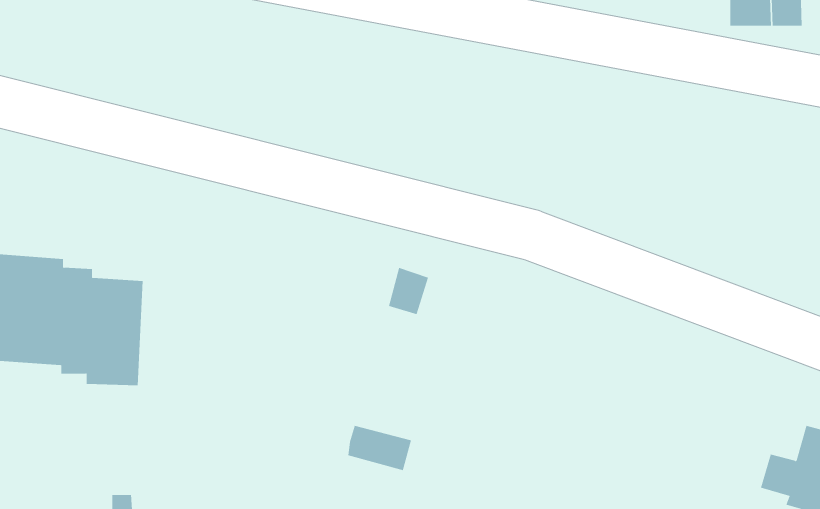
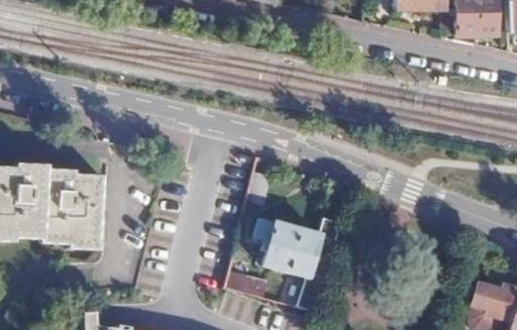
building: none -> [254,215,339,315]

